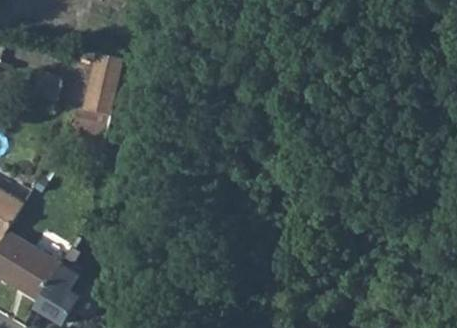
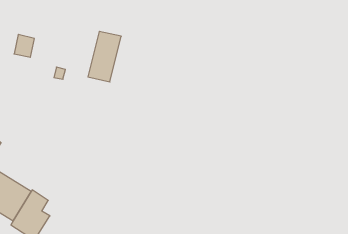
building: [81,50,122,112] -> [88,31,121,82]

